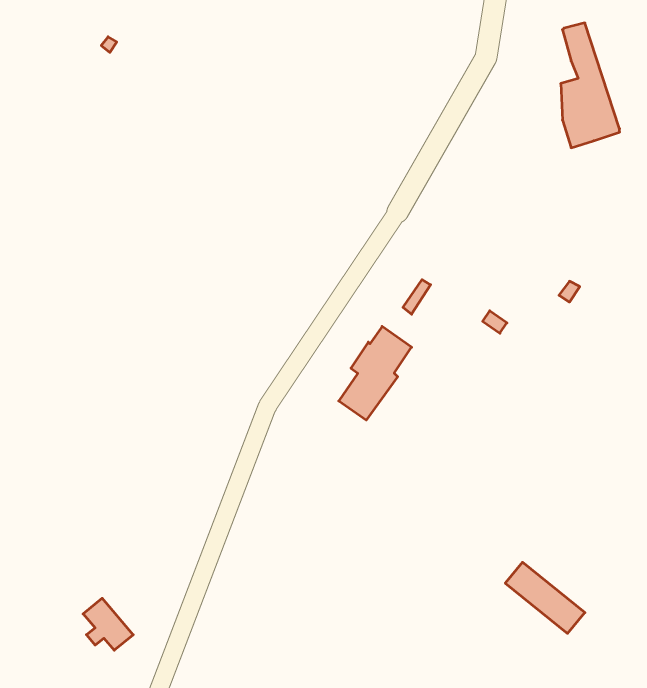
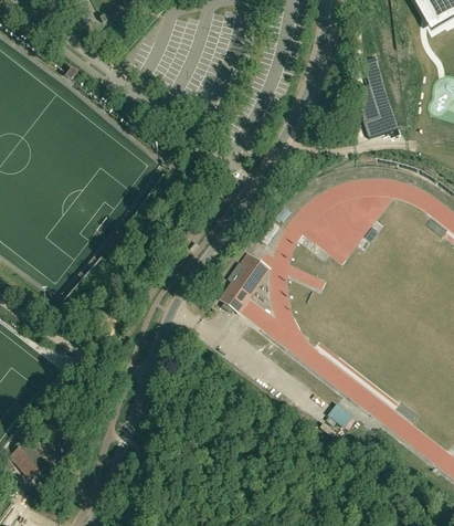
building: [83,598,133,650] -> [13,441,45,474]

